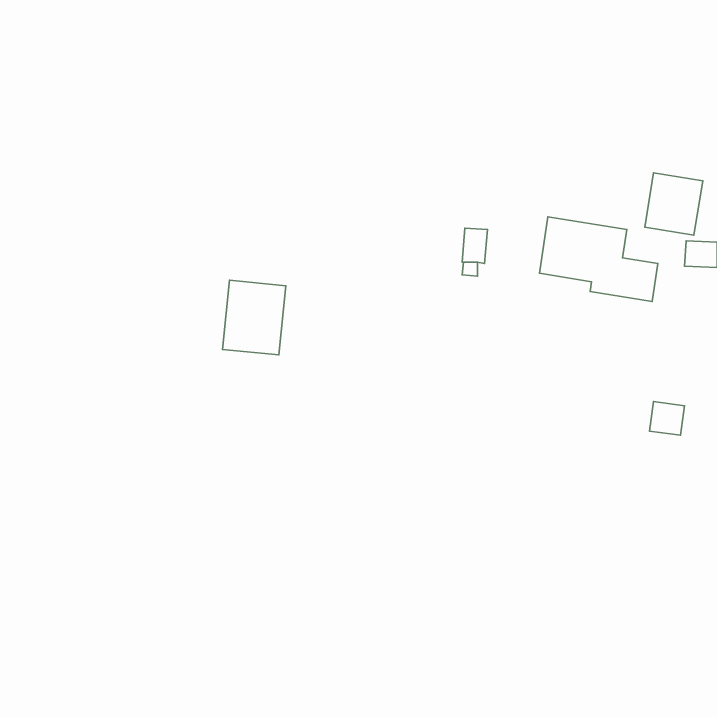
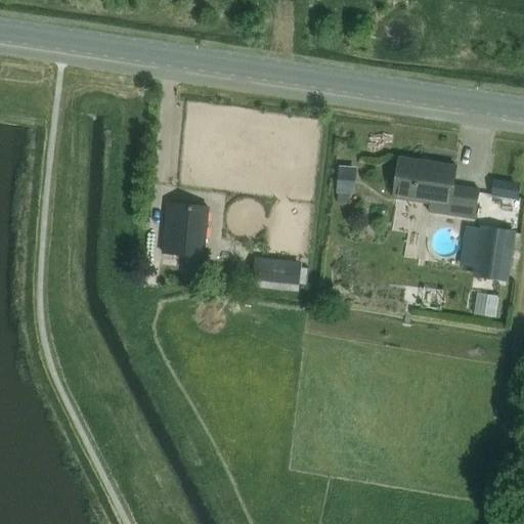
building: [645,173,703,235] -> none
building: none -> [471,224,515,280]
building: none -> [252,254,308,288]

